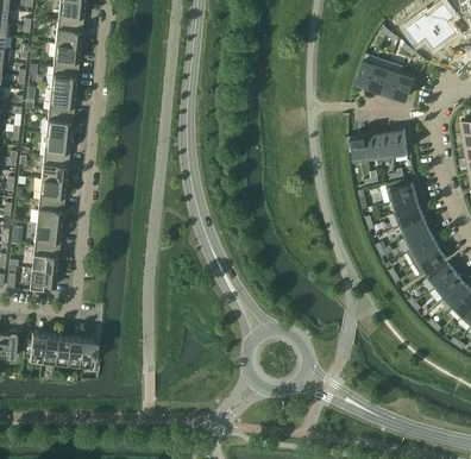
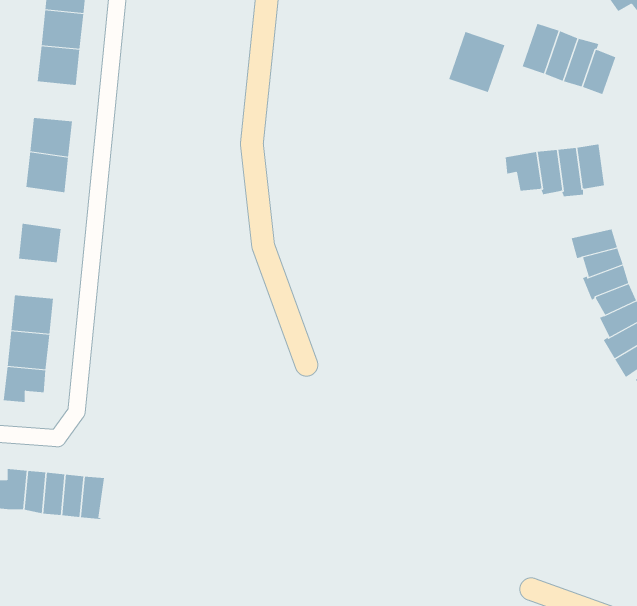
building: none -> [448,31,505,93]
building: [49,90,76,115] -> none
building: [42,157,69,183] -> none
building: [37,202,64,227] -> none

